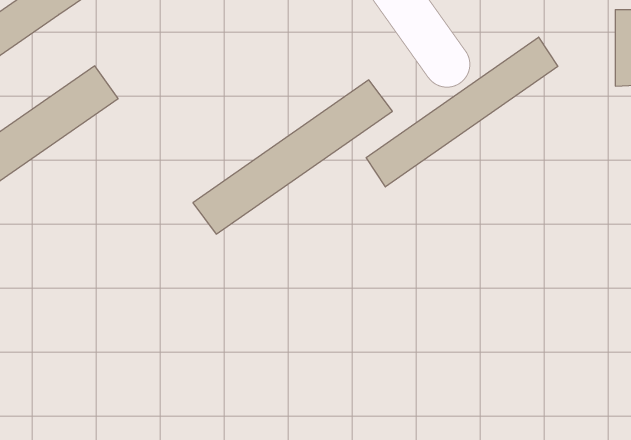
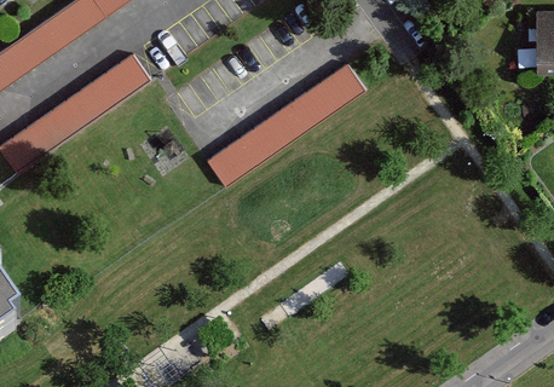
building: [366,37,558,187] -> none

